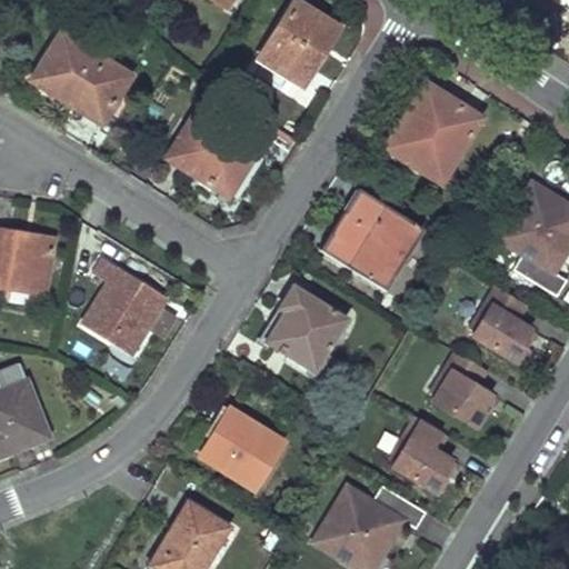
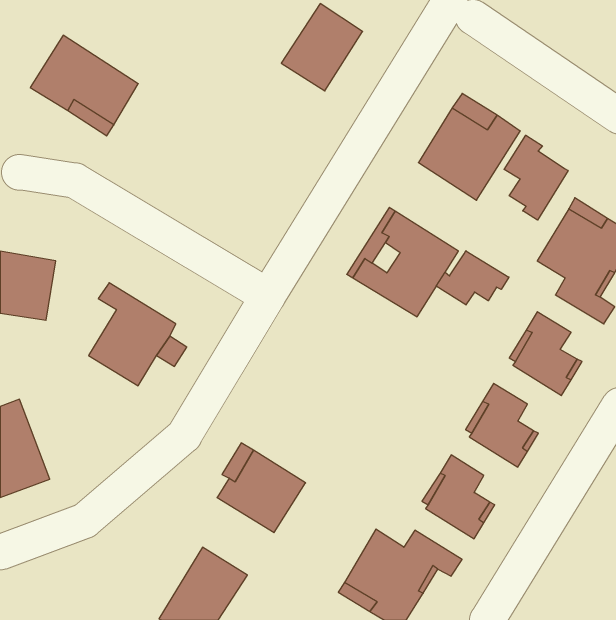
building: [167,114,256,198] -> none
building: none -> [504,135,568,220]
building: none -> [436,251,509,305]
building: [267,288,347,372] -> none

